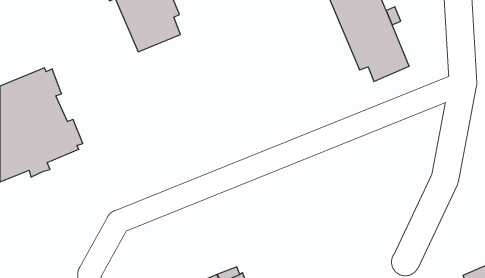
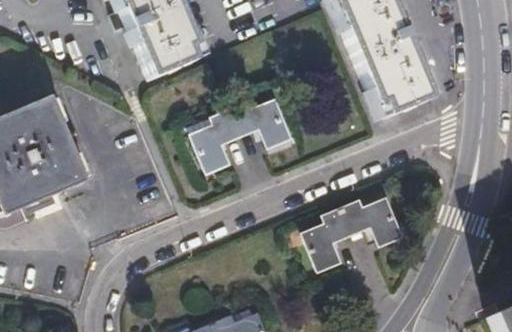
building: none -> [191,97,294,172]
building: none -> [308,197,405,271]

